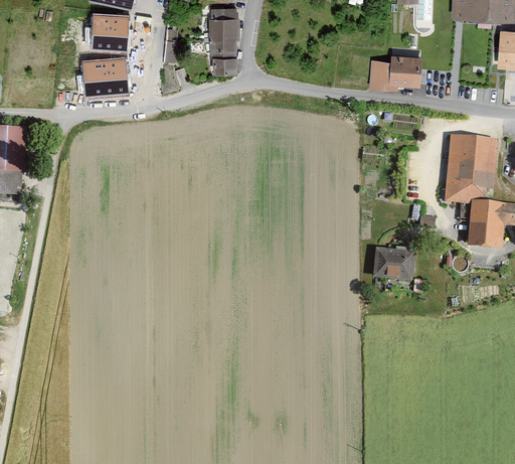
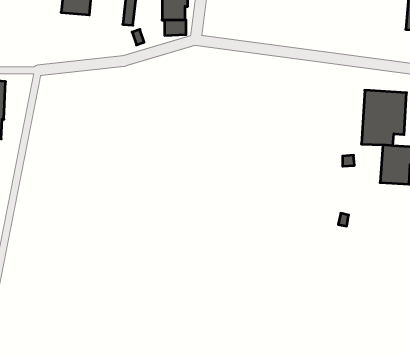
building: [368,54,419,91] -> none
building: [84,60,128,95] -> none
building: [371,248,413,281] -> none

